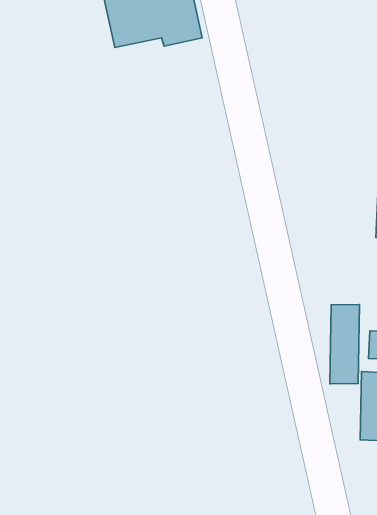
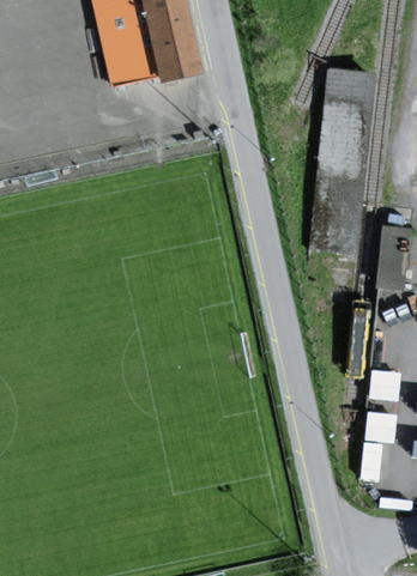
building: [330,304,359,384] -> none

